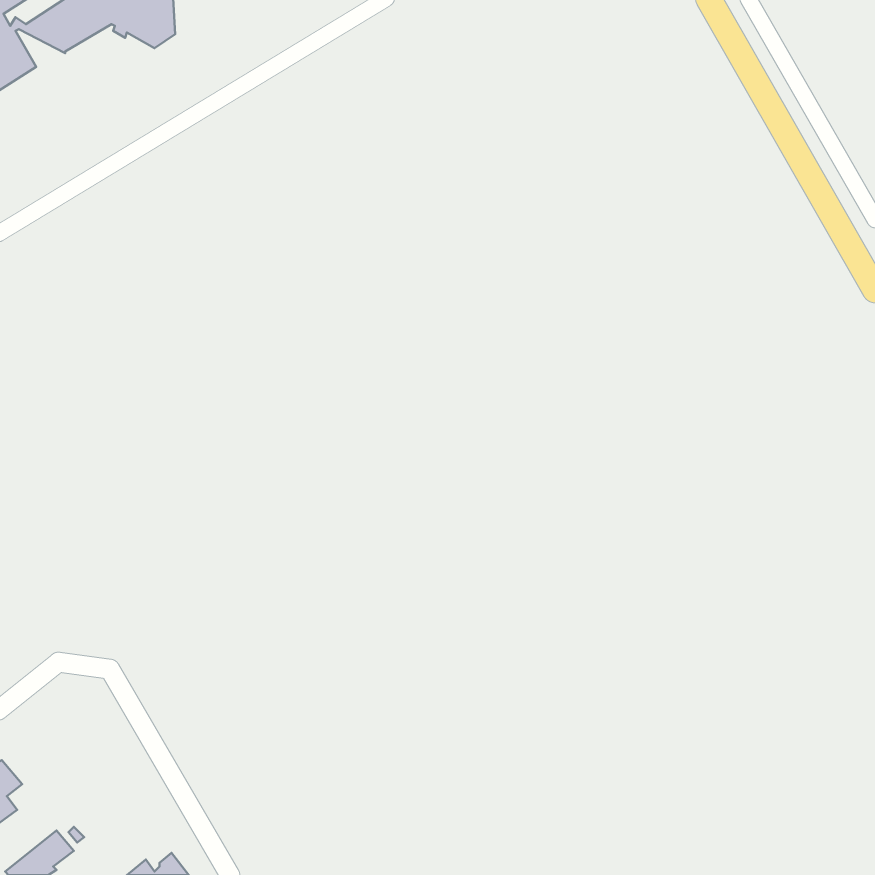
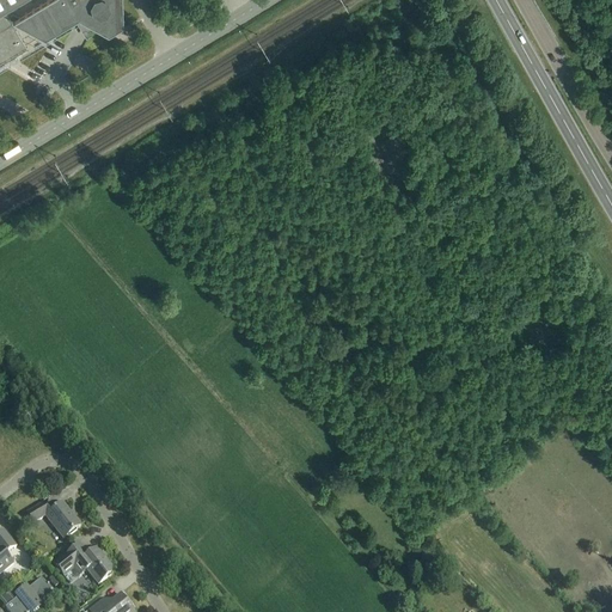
building: none -> [26,501,79,539]
building: none -> [54,545,110,585]

